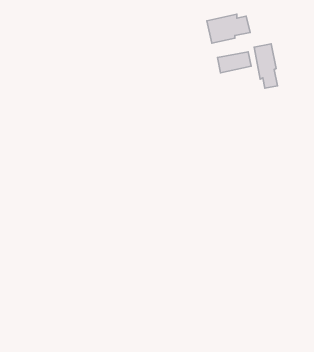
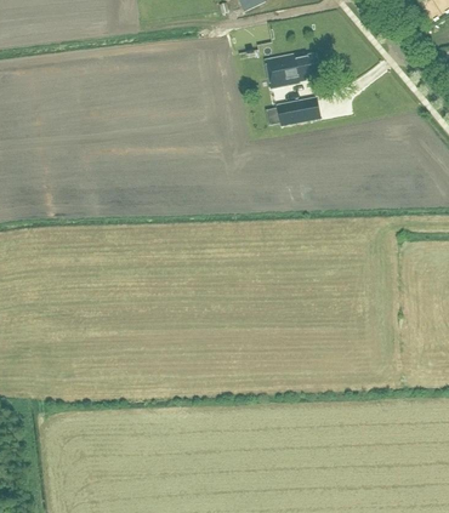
building: [254,44,278,88] -> none

